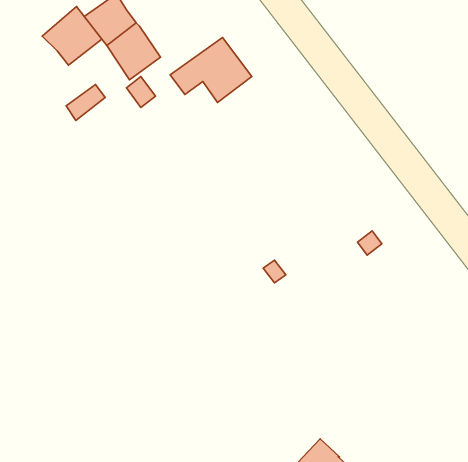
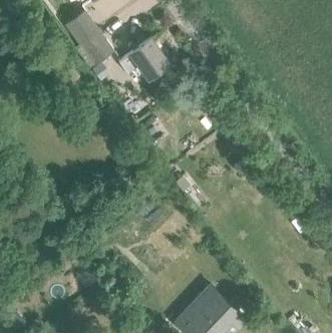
building: [42,7,102,65] -> none

